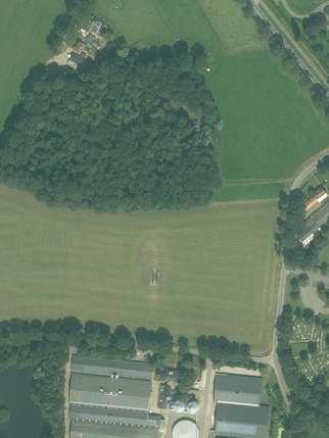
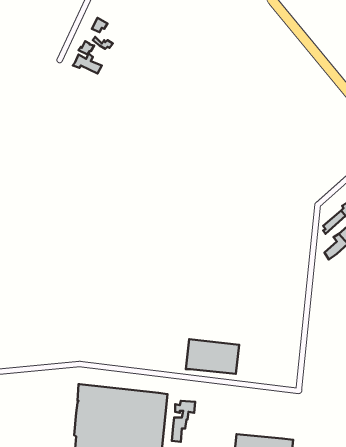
building: [214,374,263,405] -> [186,339,239,374]

